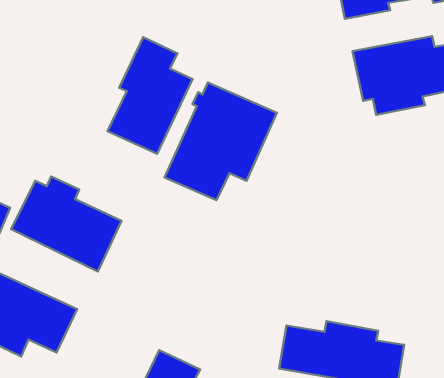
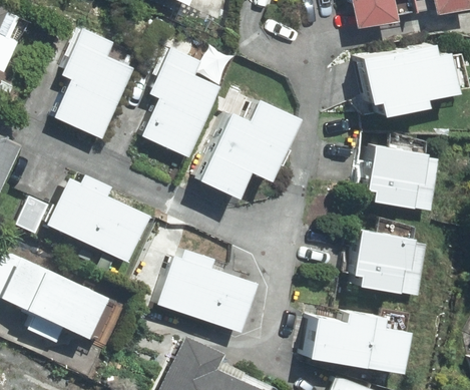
building: none -> [50,26,130,136]
building: none -> [364,135,439,211]
building: none -> [356,220,426,296]
building: none -> [152,247,251,330]

